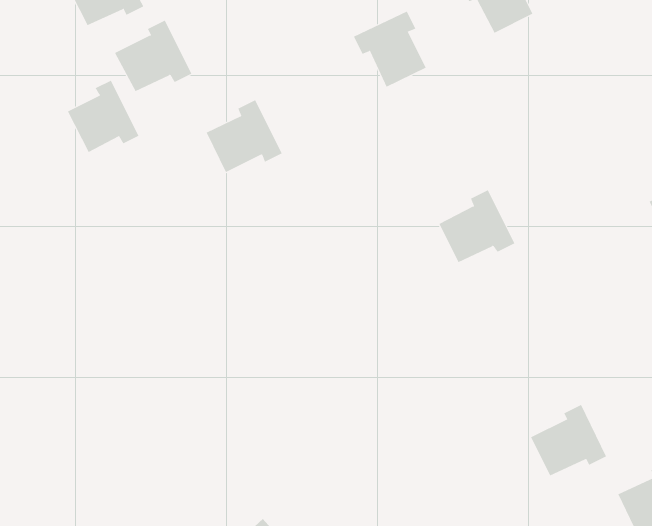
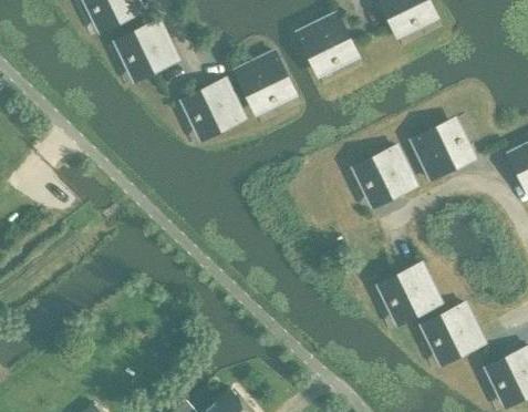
building: none -> [234,52,288,109]
building: [67,80,139,153] -> none
building: none -> [410,126,467,181]
building: none -> [383,264,439,318]

